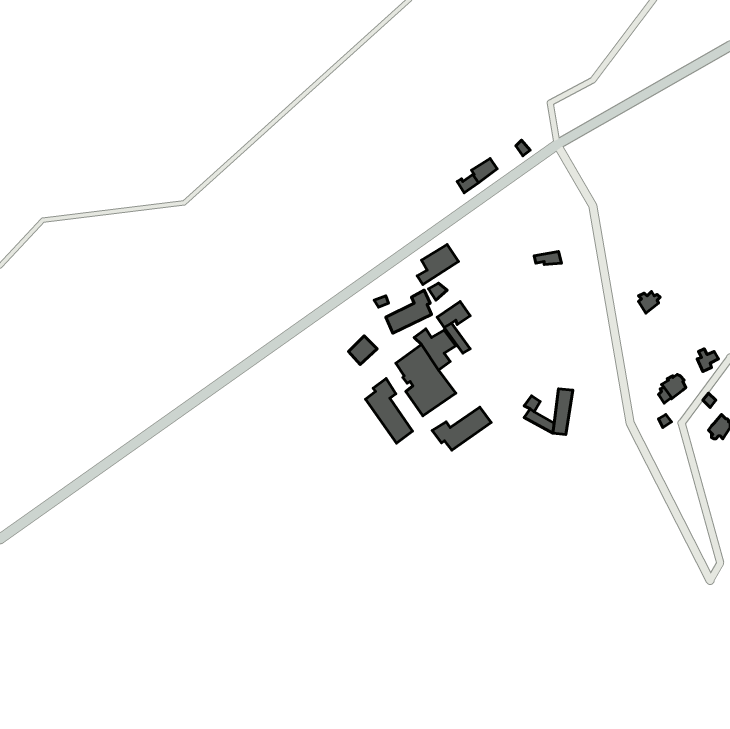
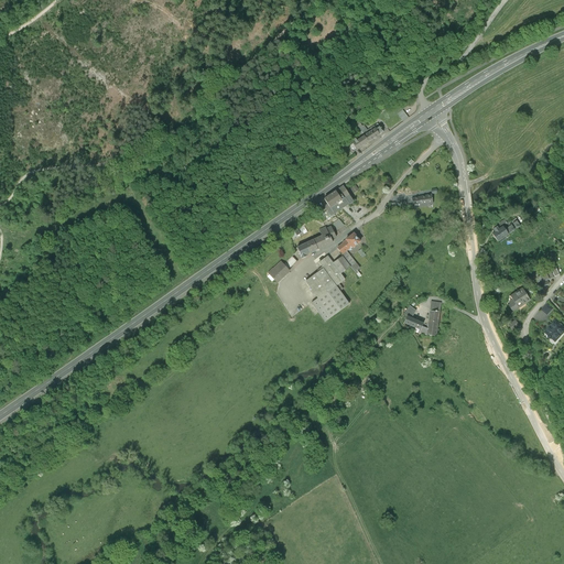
building: [365,378,412,443] -> none
building: [432,407,491,450] -> none

